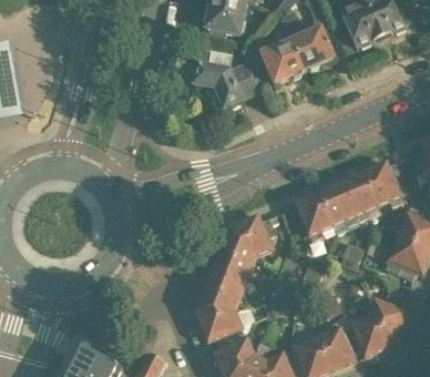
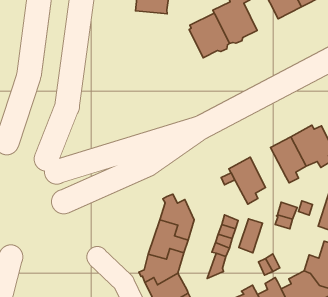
building: [193,52,264,109] -> none
building: [317,182,357,225] -> none
building: [233,214,276,254] -> none

